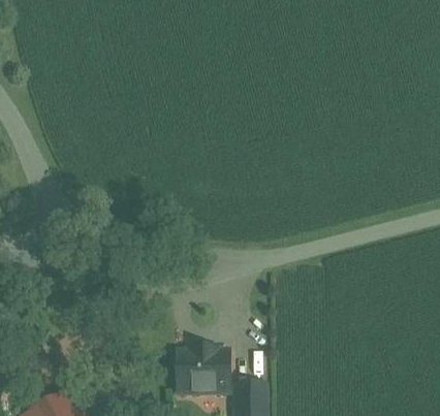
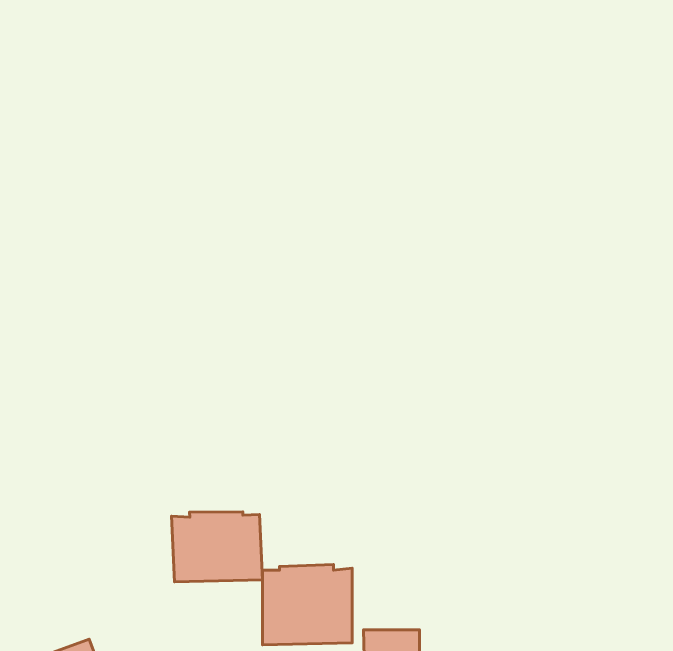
building: none -> [171,512,262,582]

